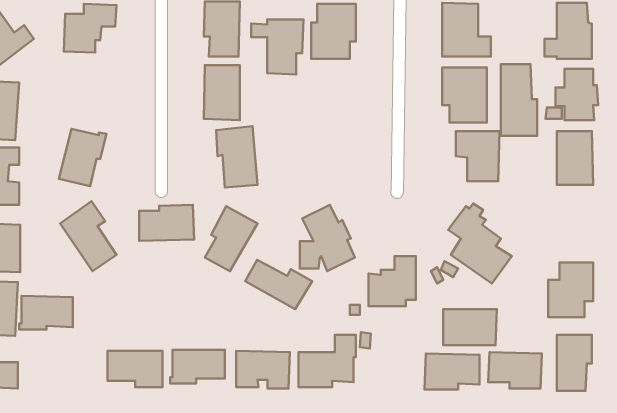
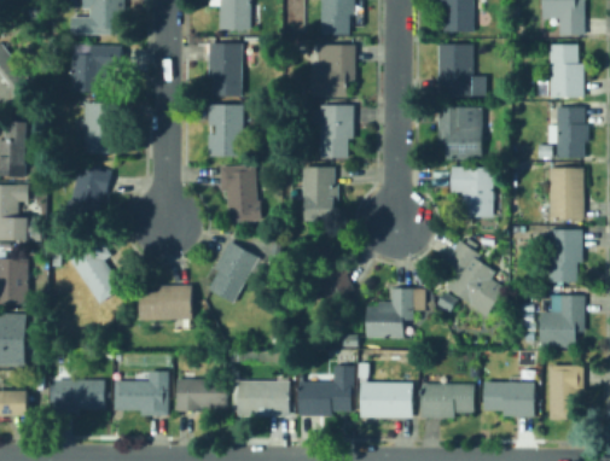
building: [251,20,304,75] -> [303,105,354,158]
building: none -> [83,103,117,152]
building: [501,64,537,136] -> none
building: none -> [301,167,338,220]
building: none -> [538,229,581,281]
building: [139,205,194,241] -> [139,285,192,320]
building: [245,260,312,309] -> none
building: [19,296,73,330] -> [52,379,104,412]
building: [443,309,497,345] -> [360,383,412,418]

